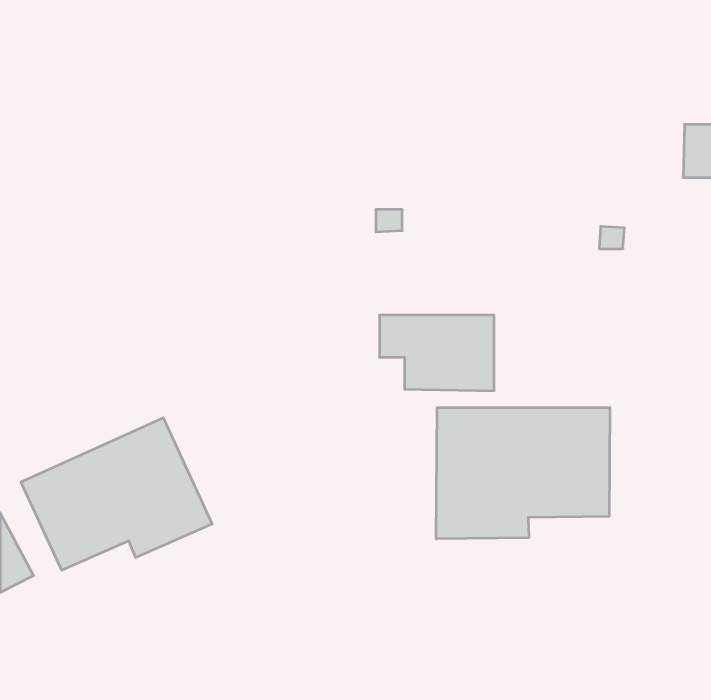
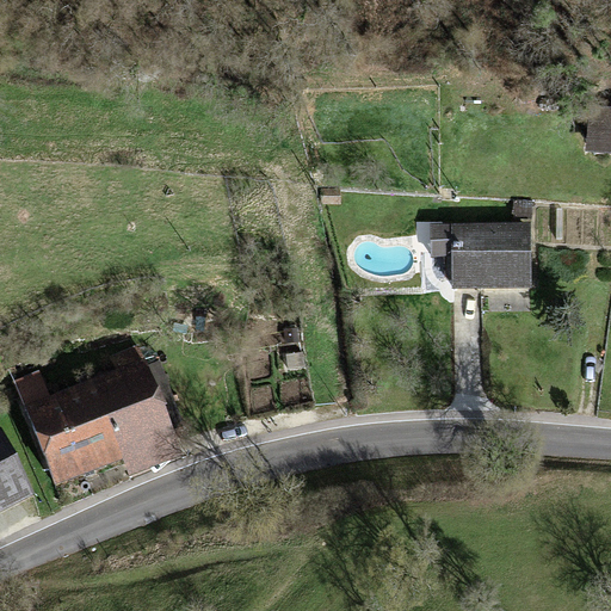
building: [379,315,494,391] -> [432,221,530,285]
building: [436,408,610,539] -> none

